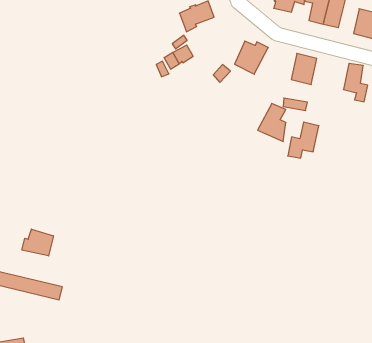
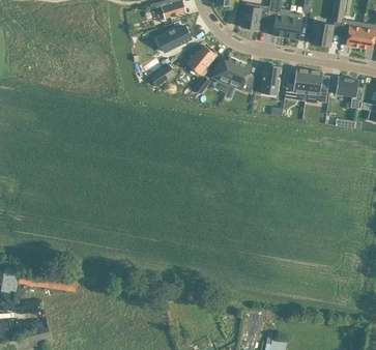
building: none -> [186,45,214,75]
building: [258,103,286,142] -> [229,61,253,93]
building: [288,122,319,158] -> [285,67,310,98]
building: [22,229,53,256] -> none

